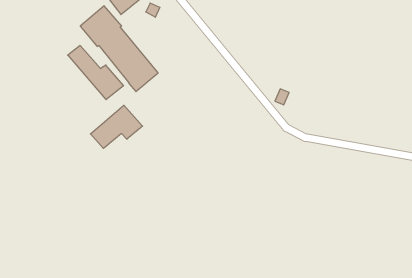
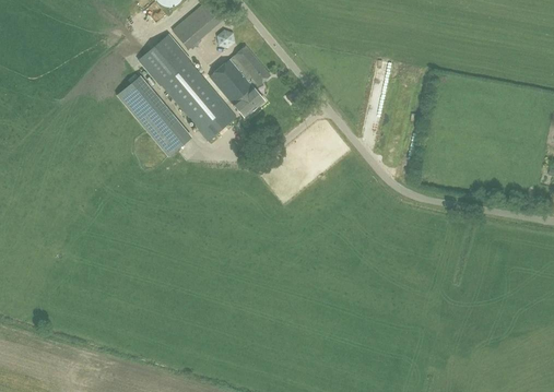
building: none -> [209,46,270,118]
building: [90,105,143,148] -> none

